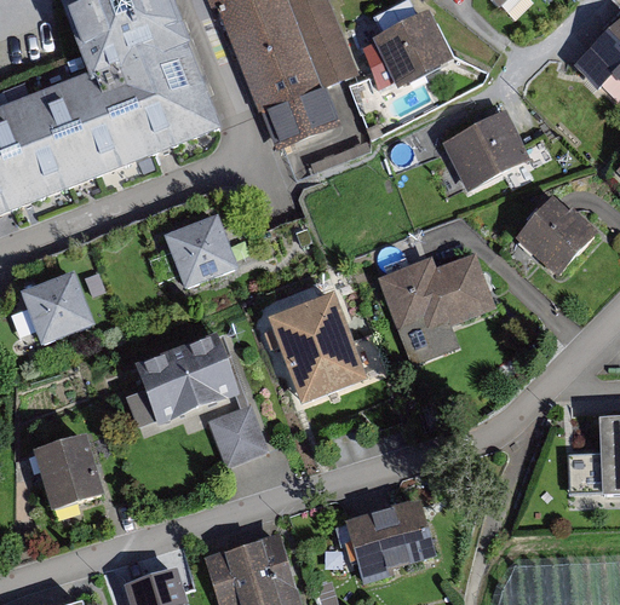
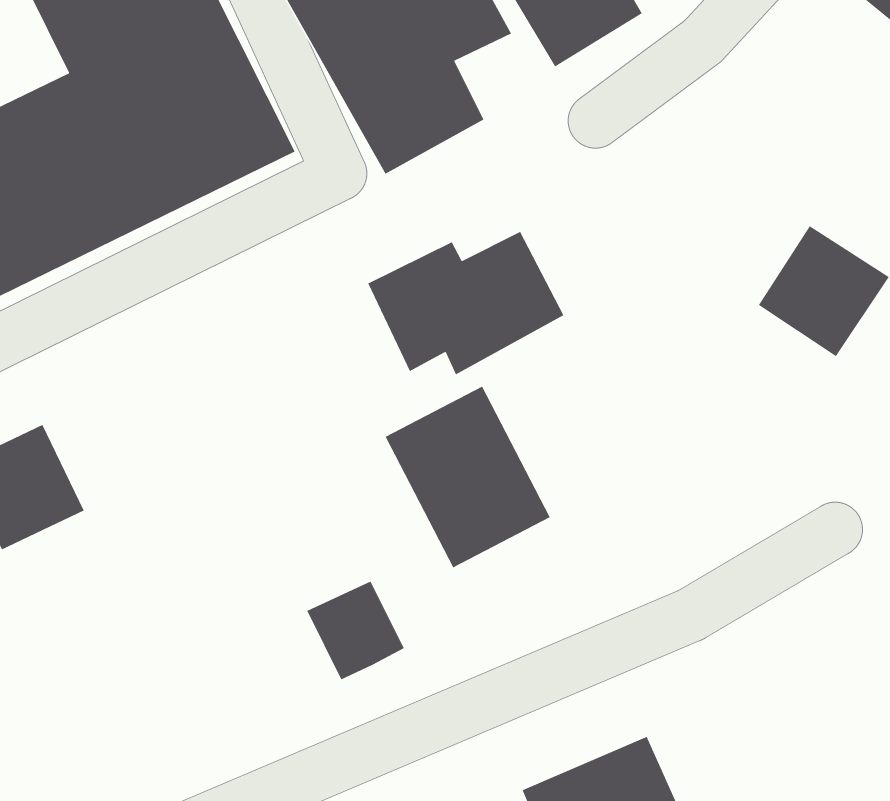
building: [434,113,523,195] -> none
building: [156,218,229,293] -> none
building: [368,258,487,342] -> [367,231,564,376]
building: [128,321,239,411] -> none
building: [36,422,105,495] -> none

